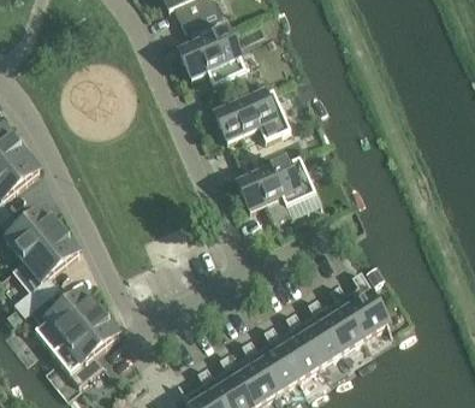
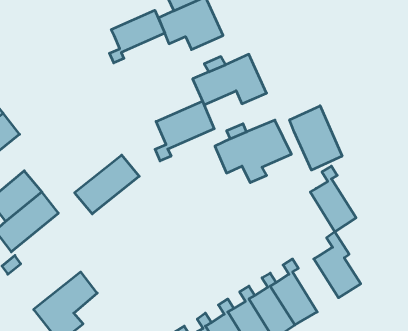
building: none -> [109,10,165,63]
building: none -> [155,101,214,161]
building: none -> [290,106,342,170]
building: [317,283,364,350] -> [310,166,356,232]
building: [35,288,101,348] -> [75,155,139,214]

